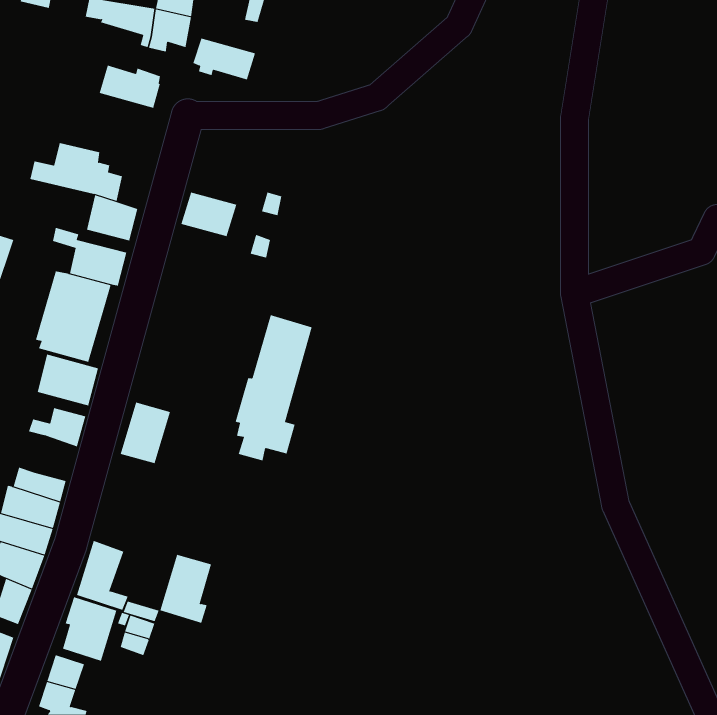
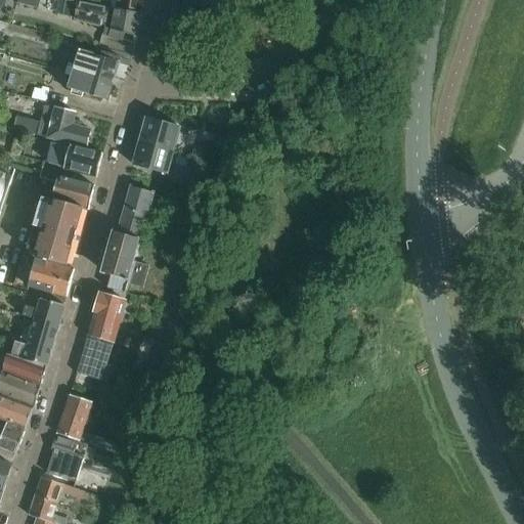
building: [192,38,256,80] -> [66,68,112,98]
building: none -> [138,116,178,148]
building: [235,315,312,461] -> [103,184,160,291]
building: none -> [26,316,56,349]
building: [159,554,212,623] -> [75,330,113,380]

